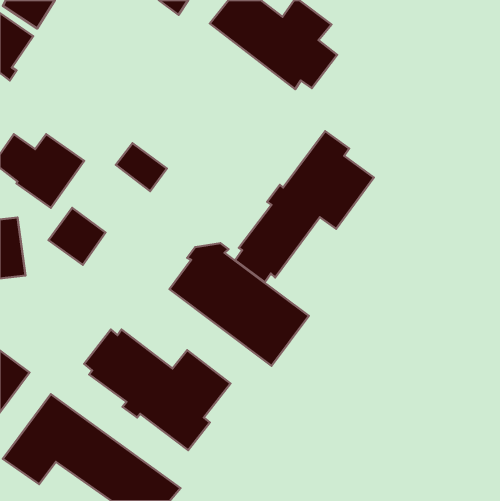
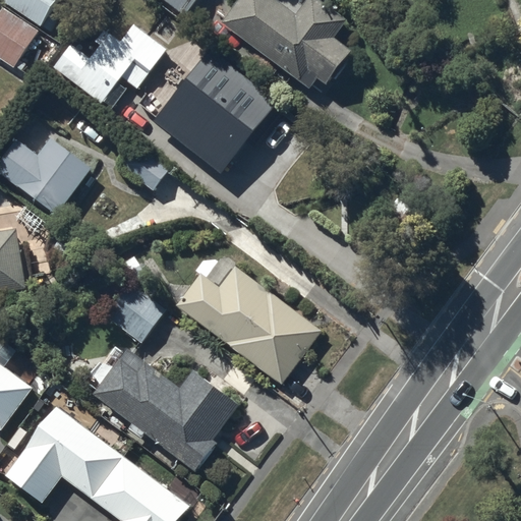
building: none -> [53,26,166,107]
building: none -> [152,50,276,174]
building: [235,131,374,282] -> none
building: [48,208,105,265] -> [107,281,166,340]

